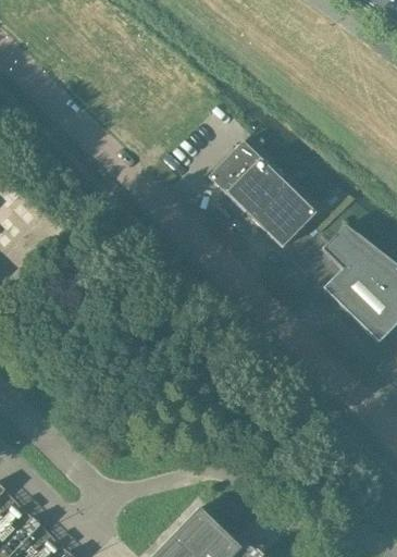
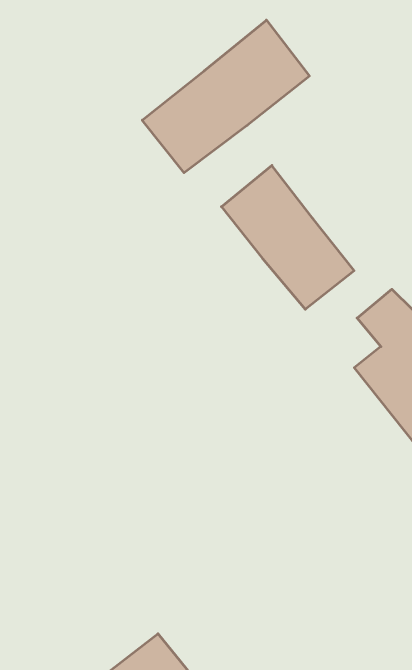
building: none -> [142,20,309,173]

